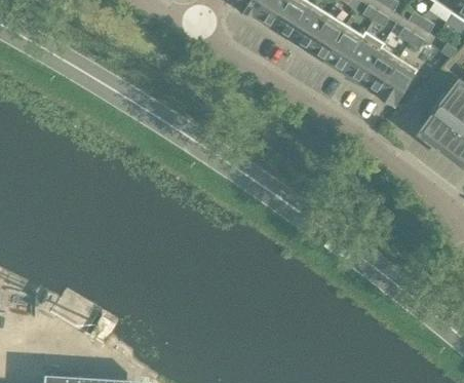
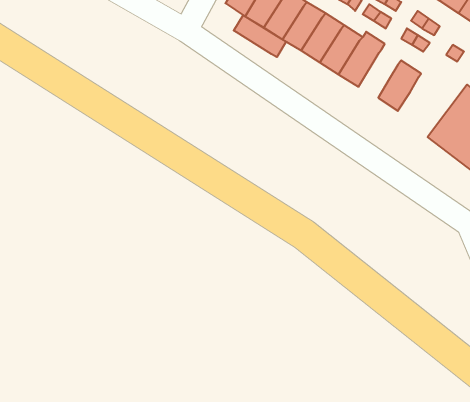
building: none -> [234,15,286,57]
building: [357,47,397,92] -> none

